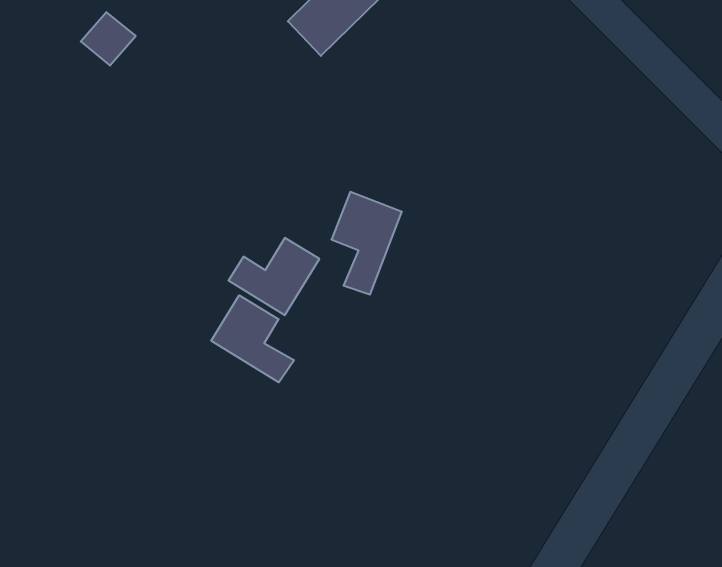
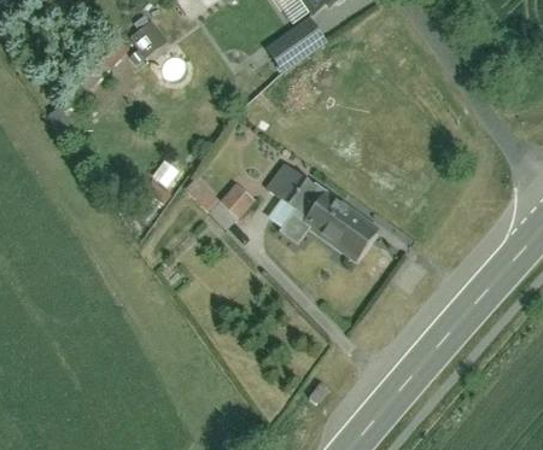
building: none -> [303,195,375,259]
building: [211,295,294,382] -> none

